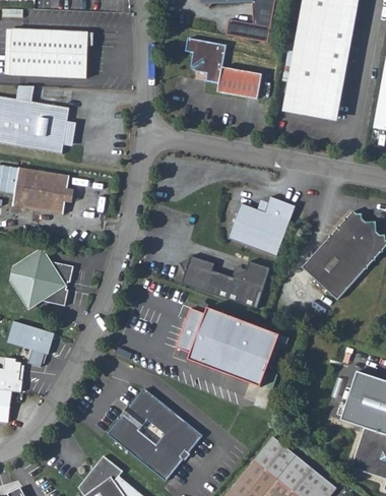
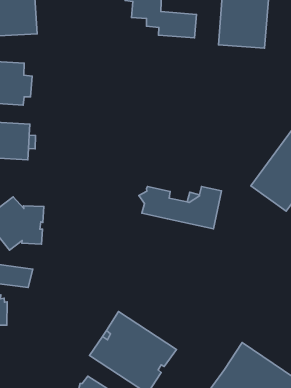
building: [227,197,295,257] -> none
building: [174,308,278,387] -> none

